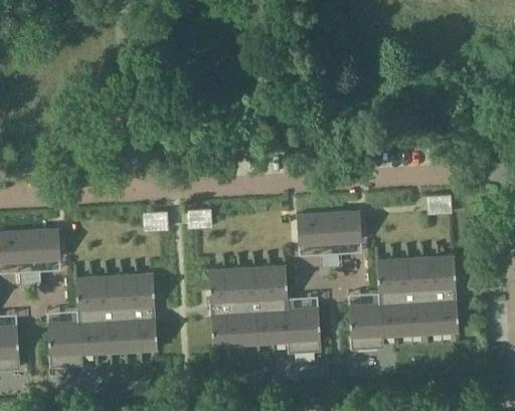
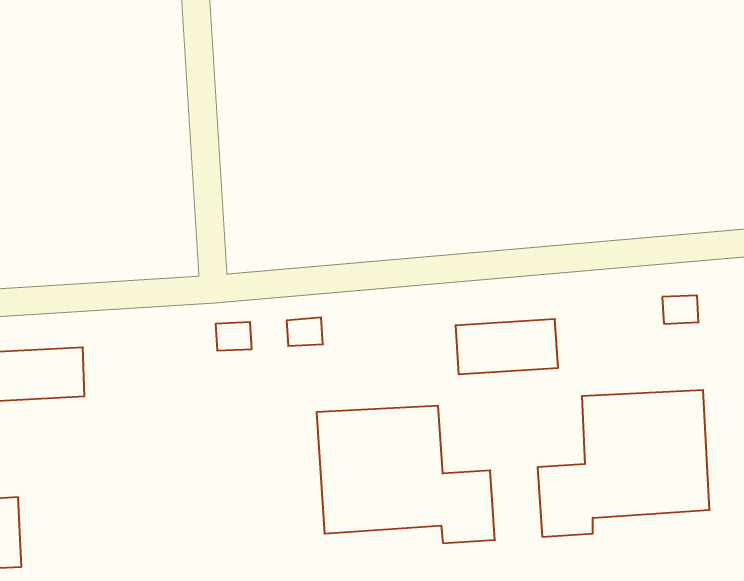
building: [47,273,157,367] -> none

